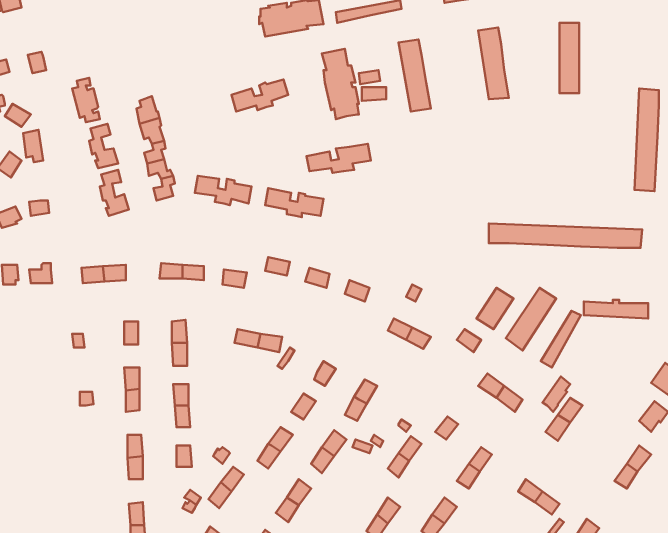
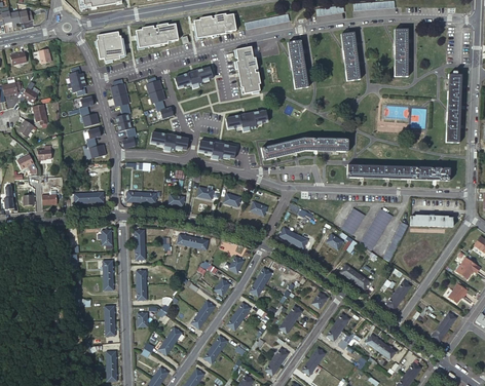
building: none -> [135,23,178,47]
building: none -> [96,31,124,61]
building: none -> [147,76,174,118]
building: none -> [261,137,348,159]

